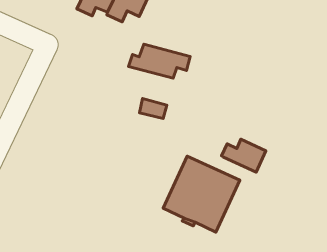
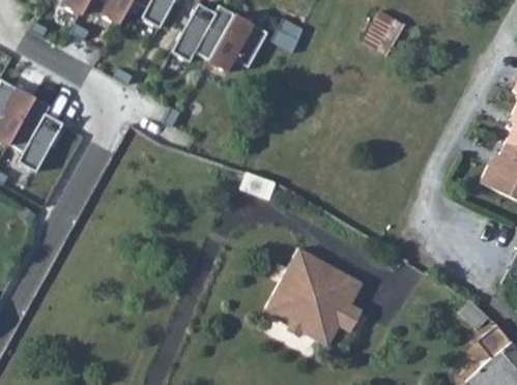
building: [129,44,190,78] -> none
building: [222,139,266,172] -> none

